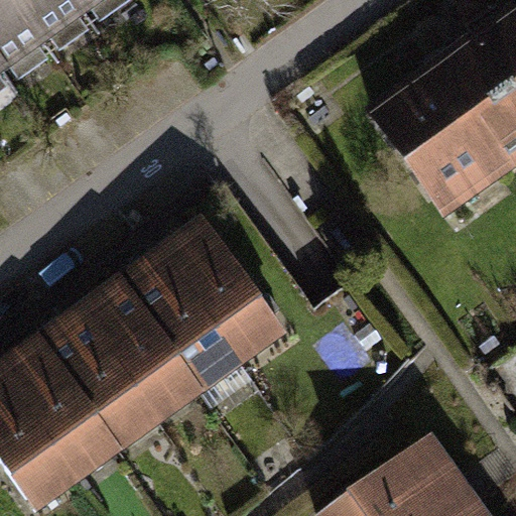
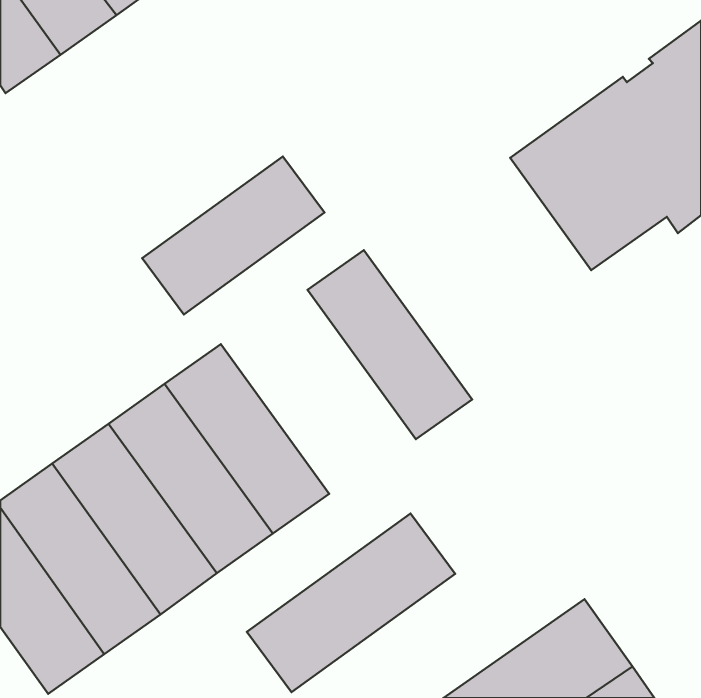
building: none -> [142,156,325,315]
building: [162,224,283,363] -> [308,250,472,439]
building: none -> [247,513,455,692]

